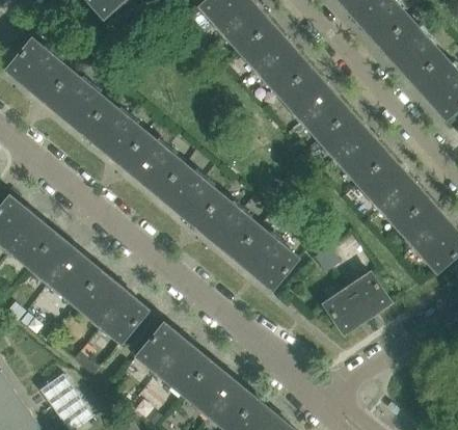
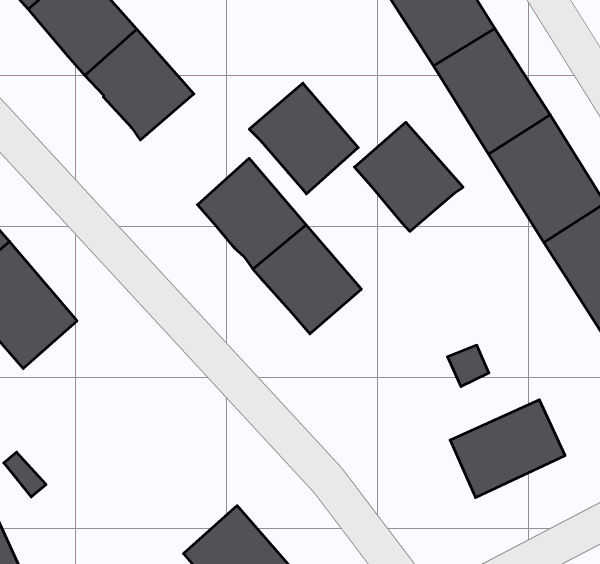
building: [120,133,184,195] -> [249,83,358,194]
building: [235,227,298,289] -> [354,122,463,231]
building: [76,272,147,343] -> none
building: [137,323,210,394] -> none

